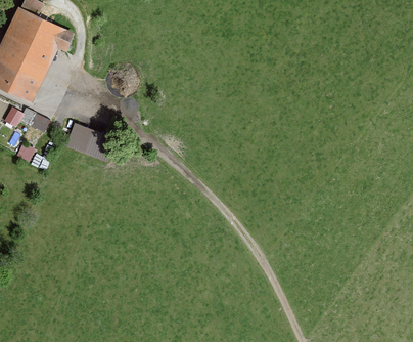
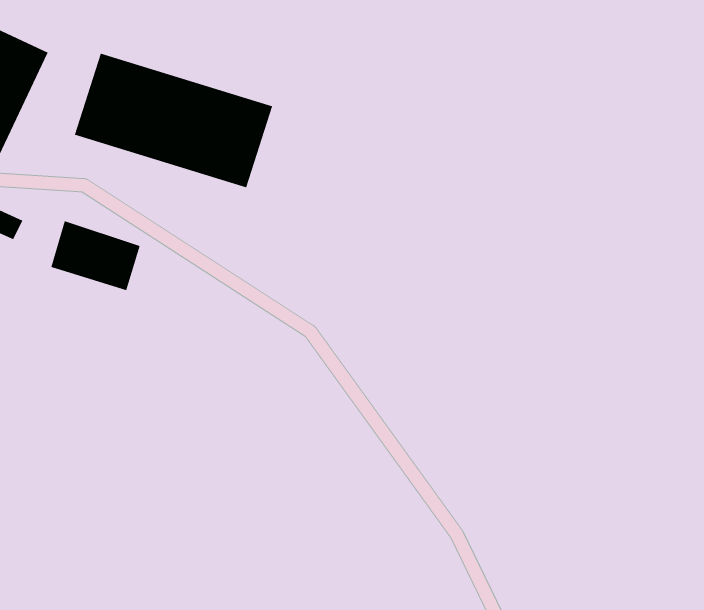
building: none -> [74,53,273,188]

